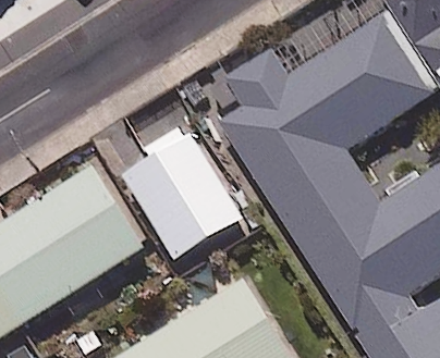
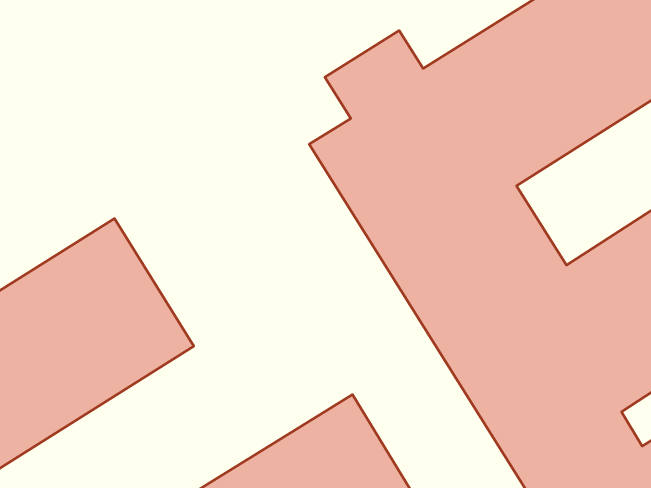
building: [124,123,244,259] -> none

